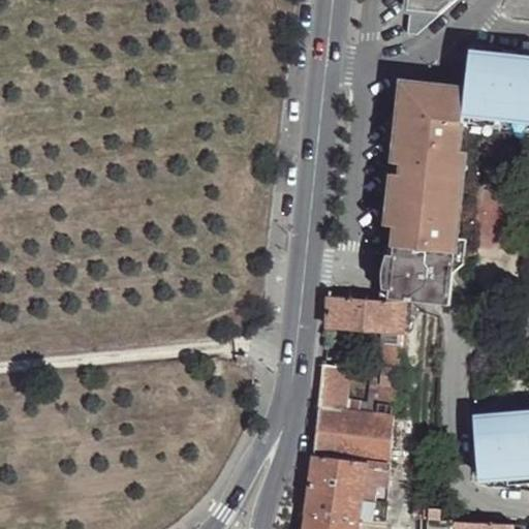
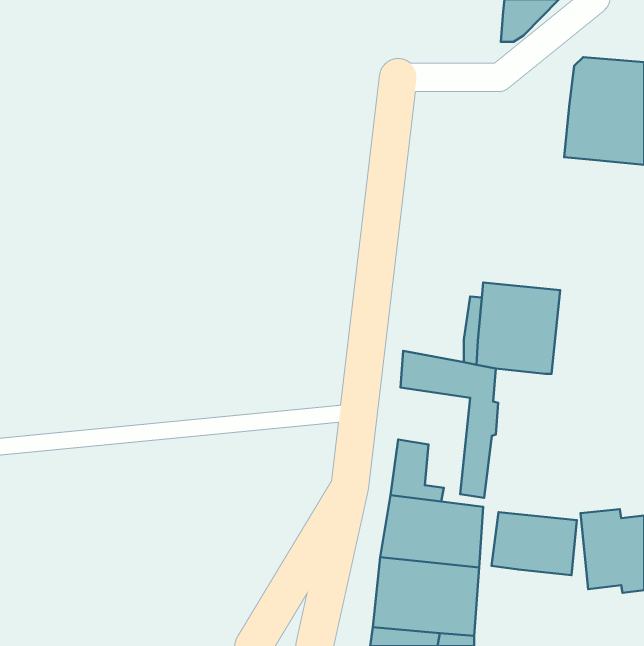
building: [385,80,464,237] -> none
building: none -> [491,512,577,575]

